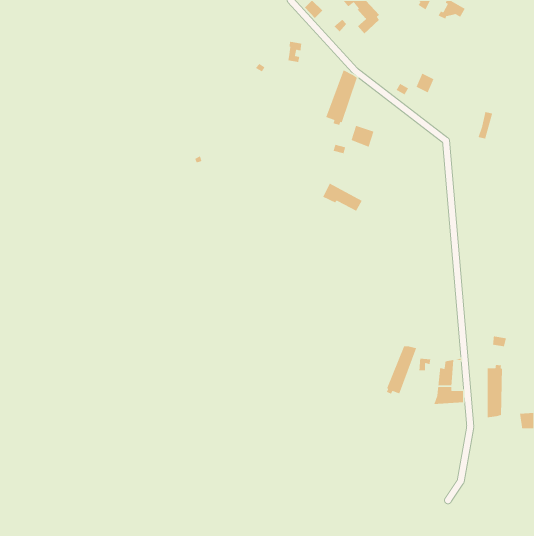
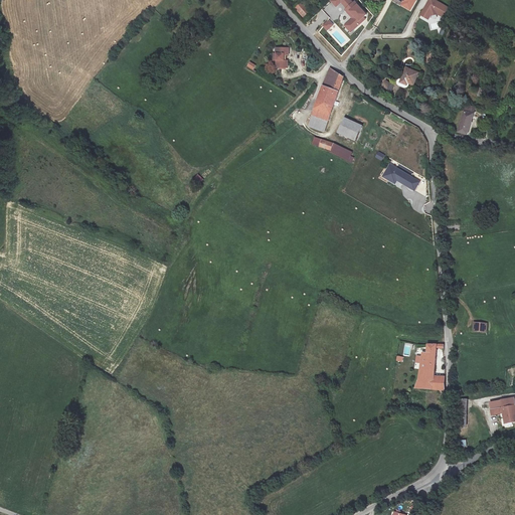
building: [322,183,363,212] -> [380,163,419,191]
building: [386,346,417,395] -> none
building: [487,364,503,418] -> none

